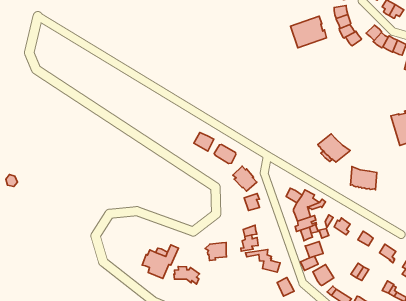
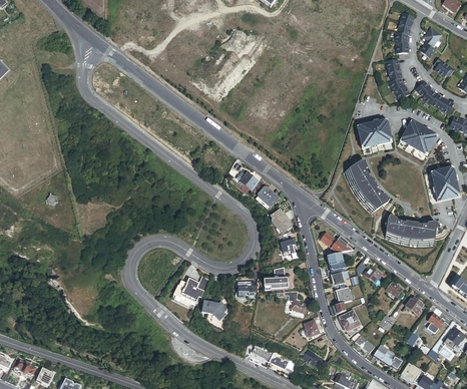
building: [290,16,326,48] -> [357,119,391,148]
building: none -> [400,120,437,154]
building: none -> [346,160,371,192]
building: none -> [409,225,436,243]

